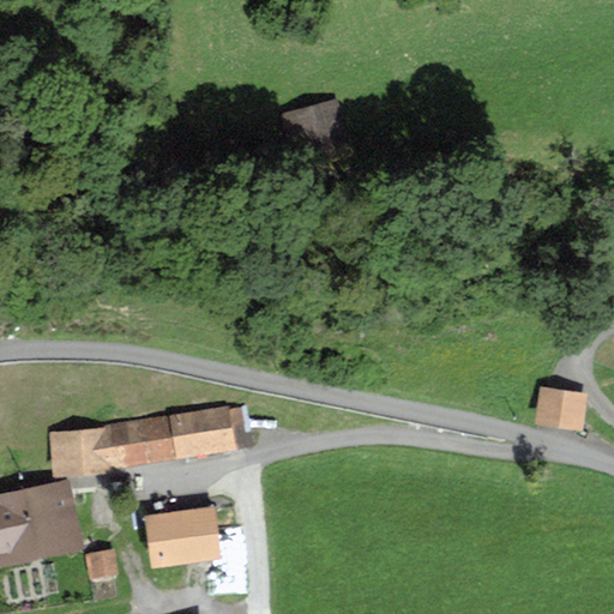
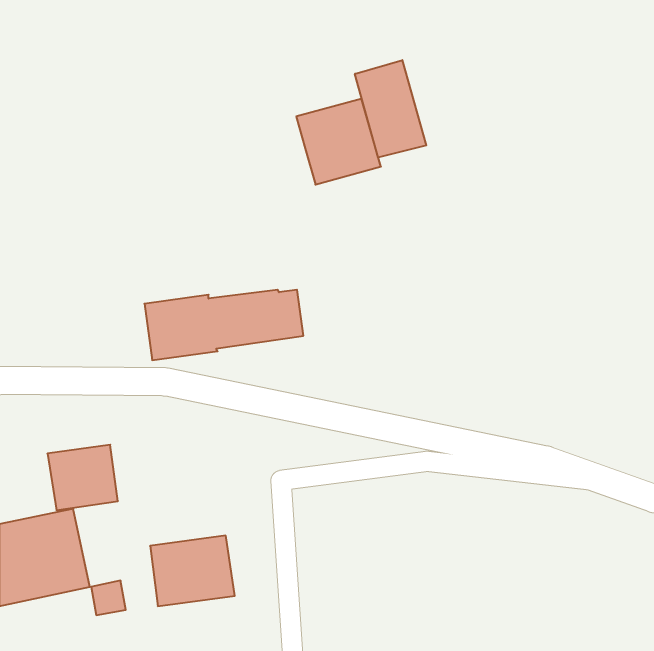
building: none -> [355,60,426,158]
building: [534,385,586,429] -> none
building: [103,407,252,472] -> [144,290,303,360]

